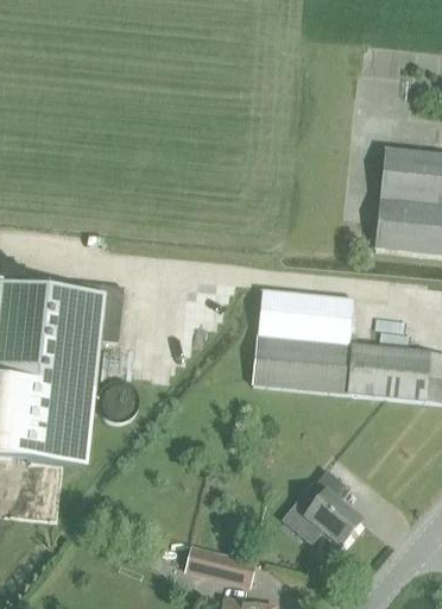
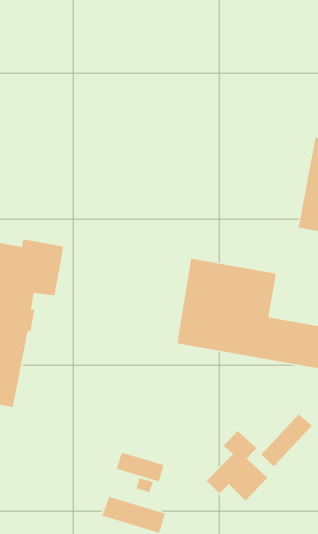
building: none -> [261,413,313,467]
building: none -> [116,452,164,482]

